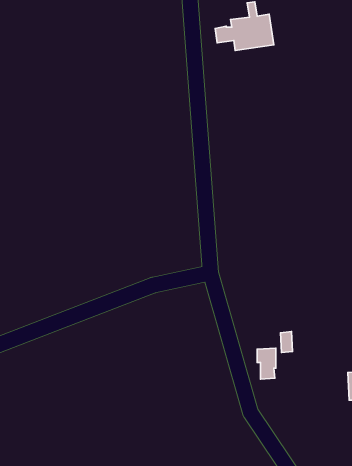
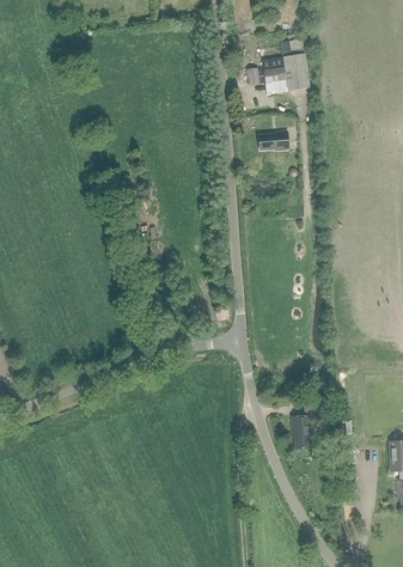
building: none -> [259,129,291,150]

